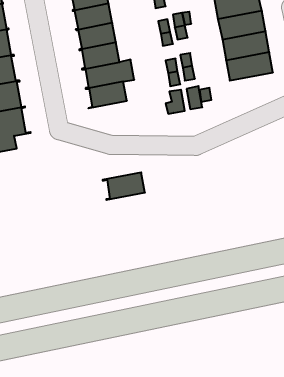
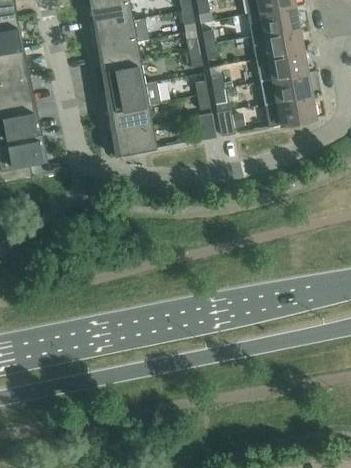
building: none -> [264,93,315,125]
building: [103,172,145,200] -> [110,124,156,154]

